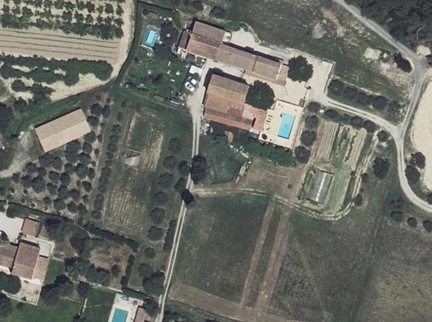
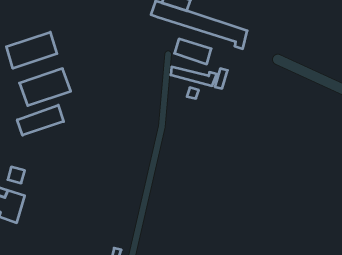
building: none -> [6,32,57,68]
building: none -> [17,105,64,135]

